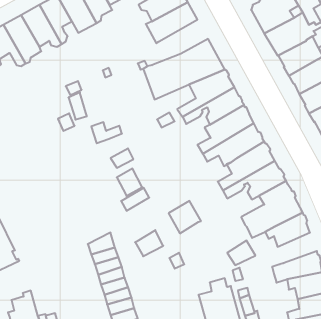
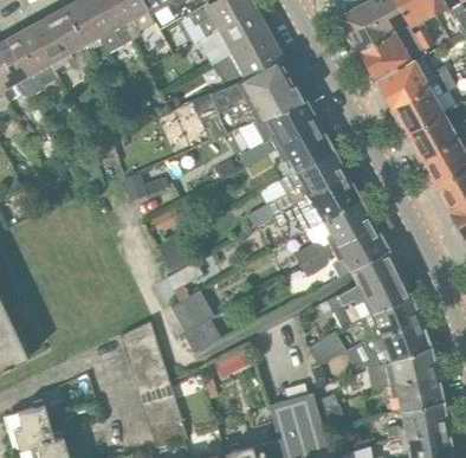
building: none -> [206,33,281,95]
building: [169,201,201,233] -> [170,289,214,333]
building: none -> [365,321,428,363]

